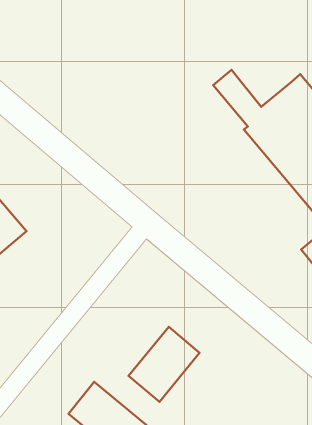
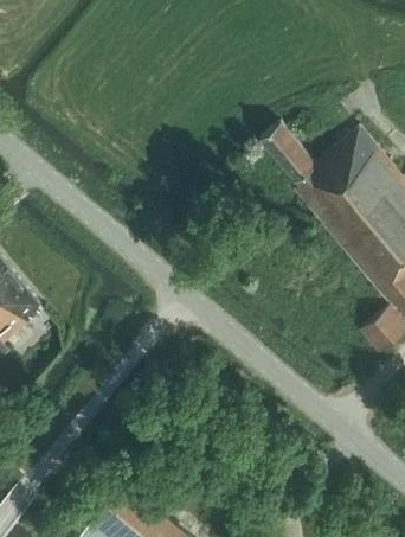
building: [129,327,200,402] -> none

